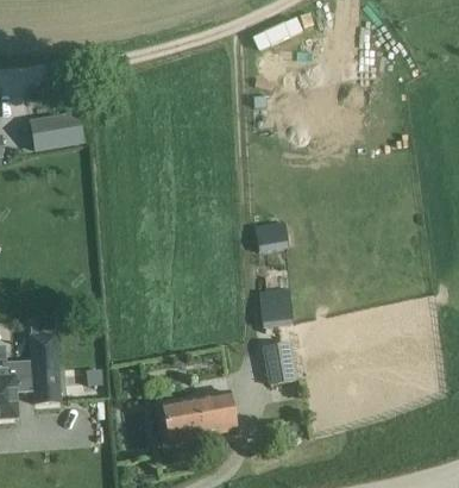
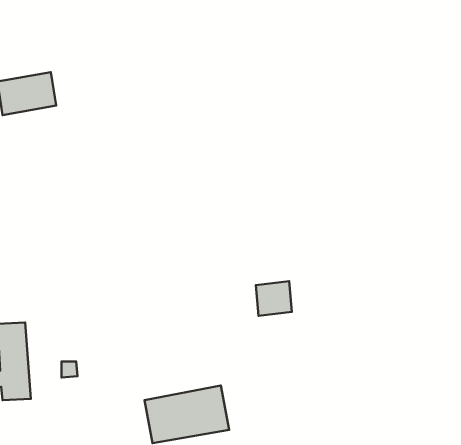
building: [254,219,290,251] -> none
building: [263,340,297,382] -> none

